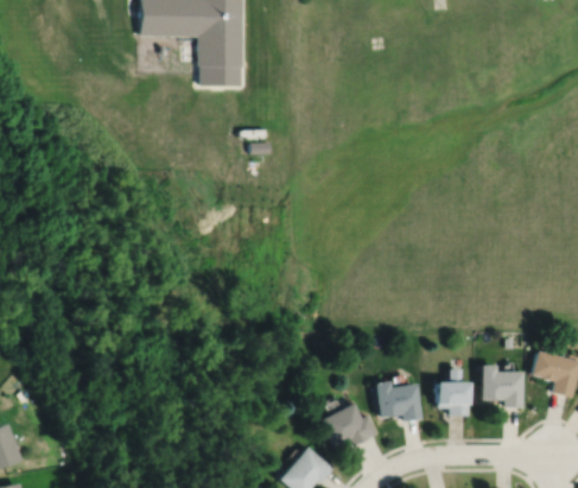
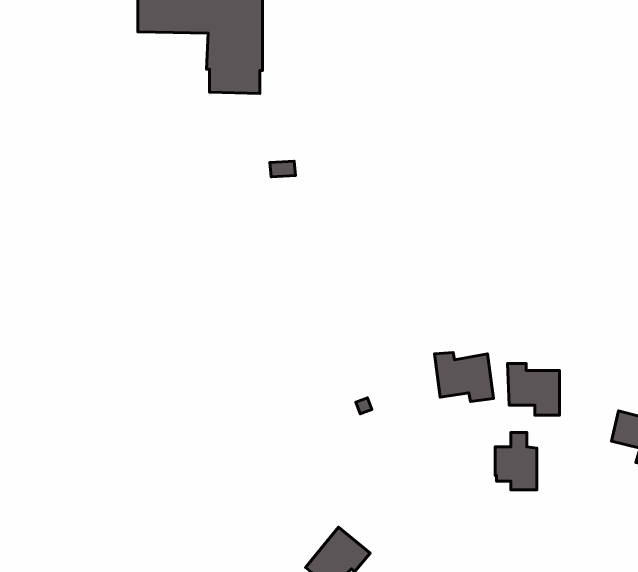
building: [481,363,523,406] -> [508,363,559,415]
building: [374,380,423,420] -> [434,353,493,401]
building: [318,401,376,448] -> none

